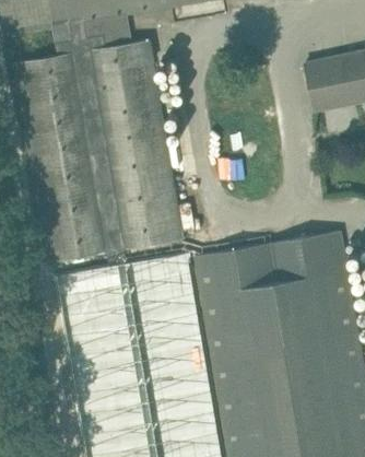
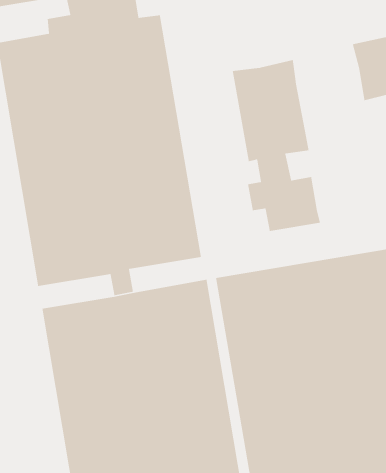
building: none -> [232,59,321,232]

